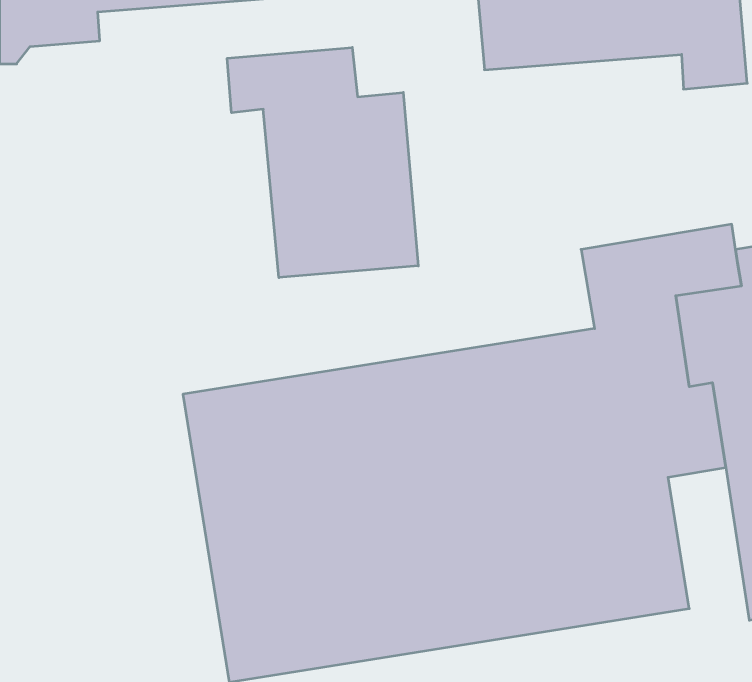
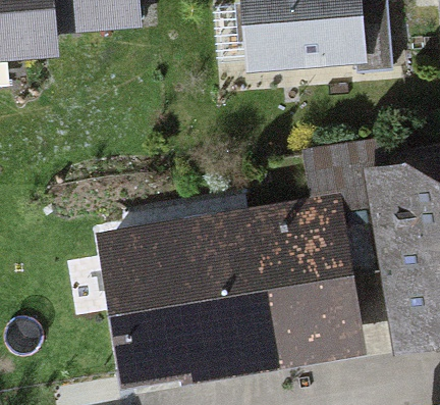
building: [227,47,418,278] -> none

